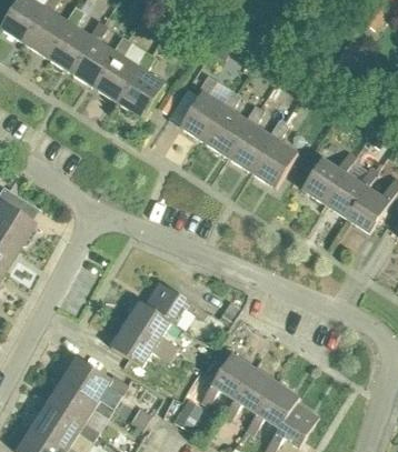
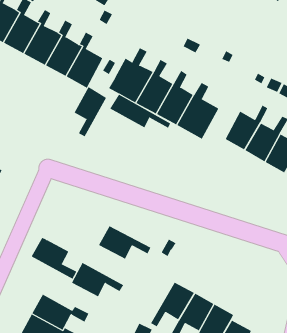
building: none -> [74,86,107,137]
building: none -> [109,94,171,129]
building: [125,300,178,352] -> [31,237,77,279]

